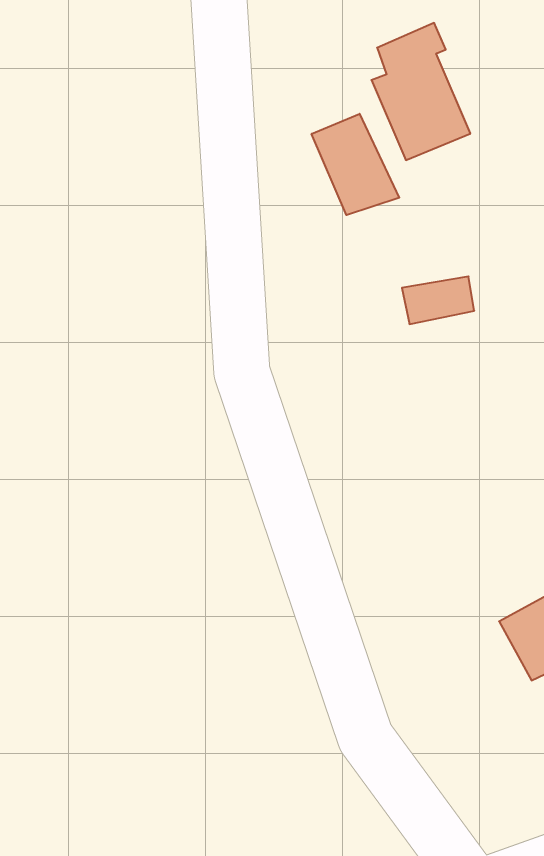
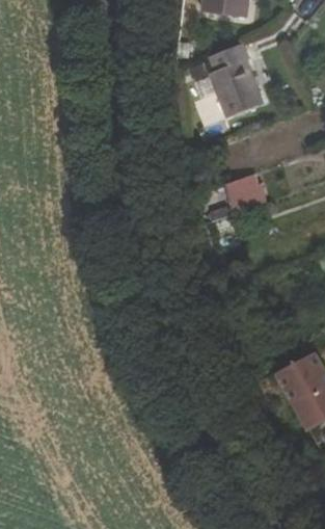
building: [312,114,399,215] -> none

